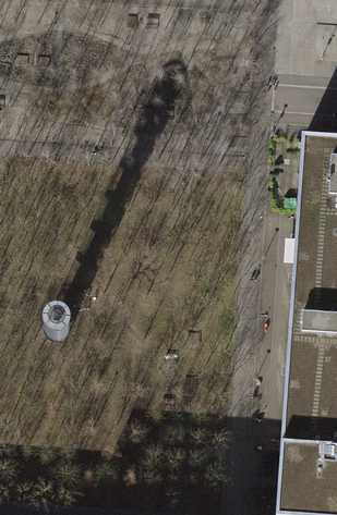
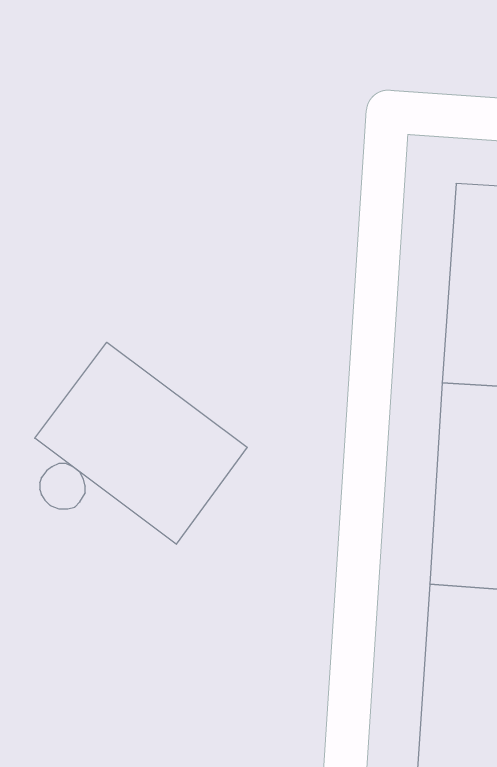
building: none -> [35,342,247,544]

